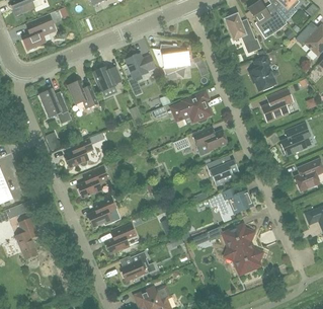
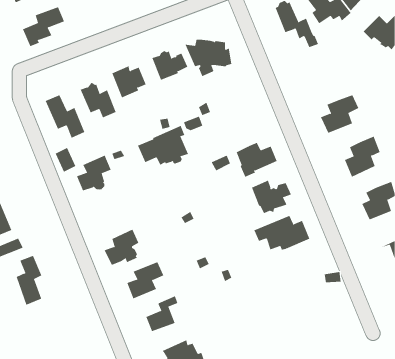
building: [249,55,275,90] -> none
building: [170,90,212,123] -> [137,125,189,165]
building: [77,166,107,197] -> none
building: [223,224,260,273] -> none

